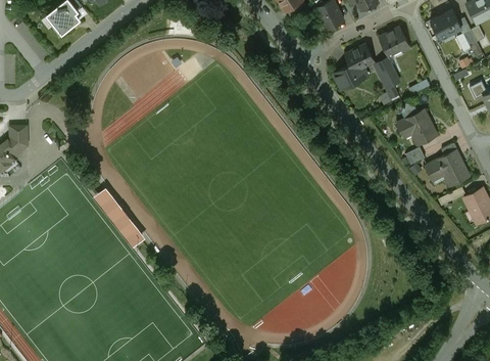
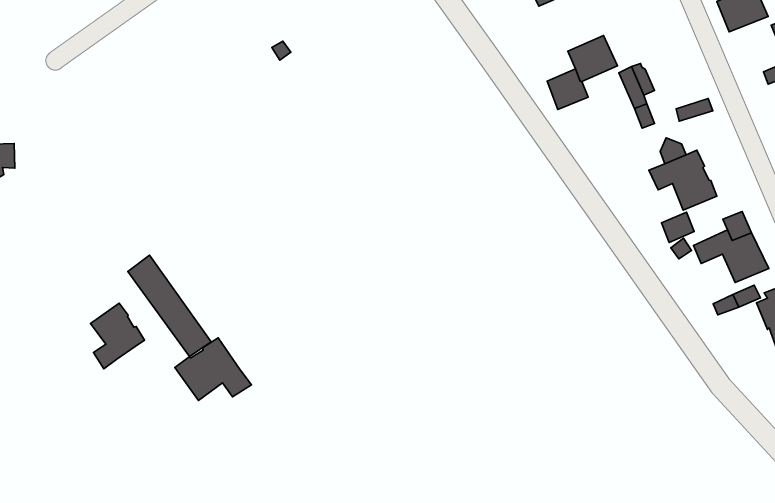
building: [378,27,408,57] -> none
building: none -> [91,303,145,369]
building: none -> [175,338,252,400]

